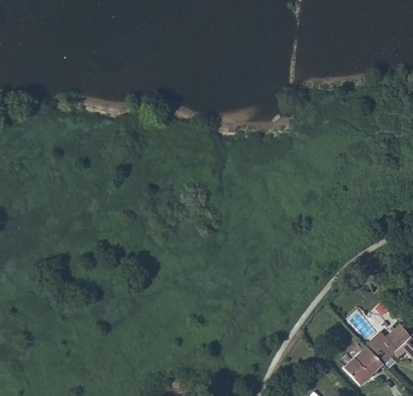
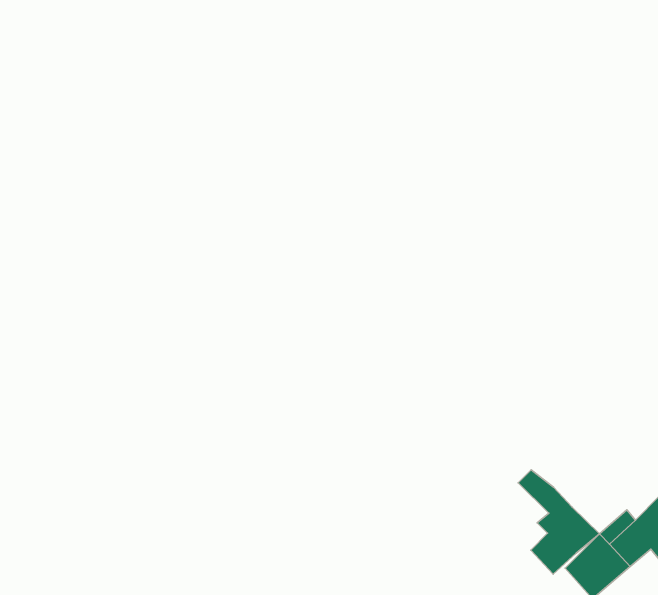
building: none -> [518,470,599,574]

